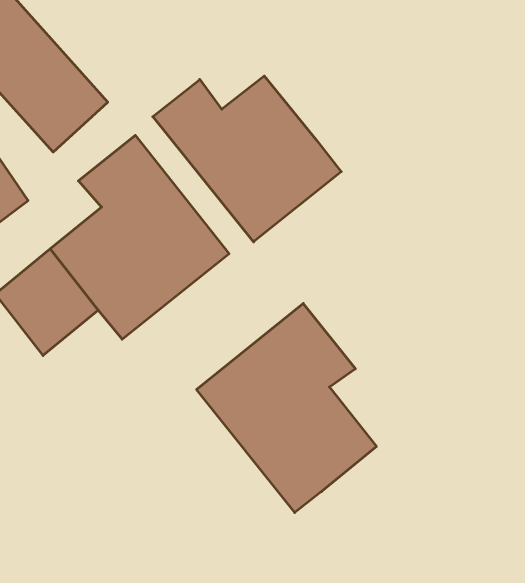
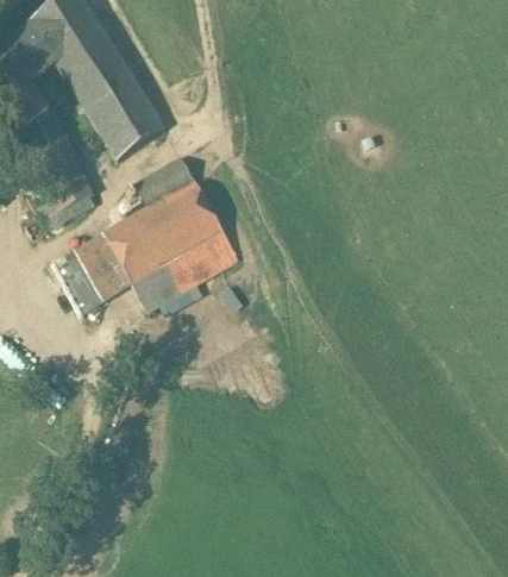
building: [153,76,341,242] -> none
building: [197,303,376,513] -> none

